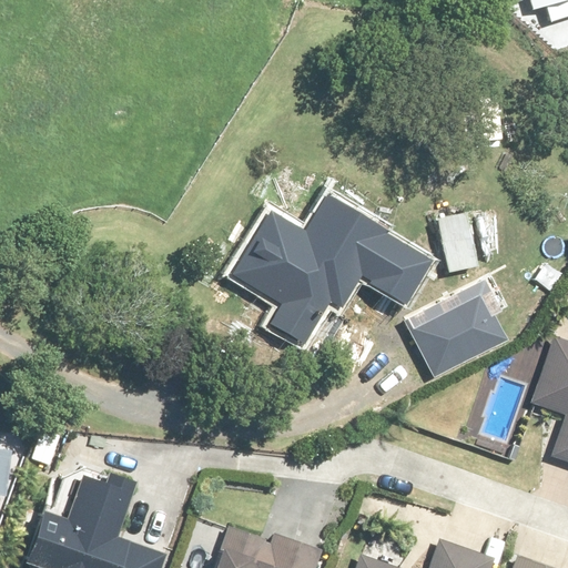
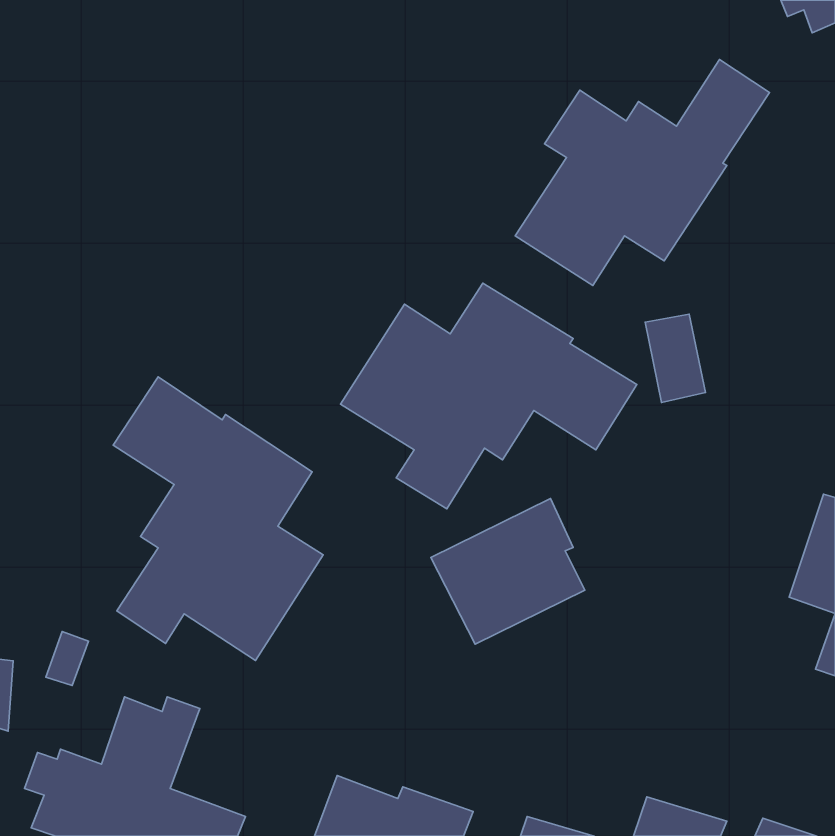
building: none -> [515,59,770,285]
building: none -> [113,377,323,661]
building: [404,278,508,377] -> [431,499,585,644]

